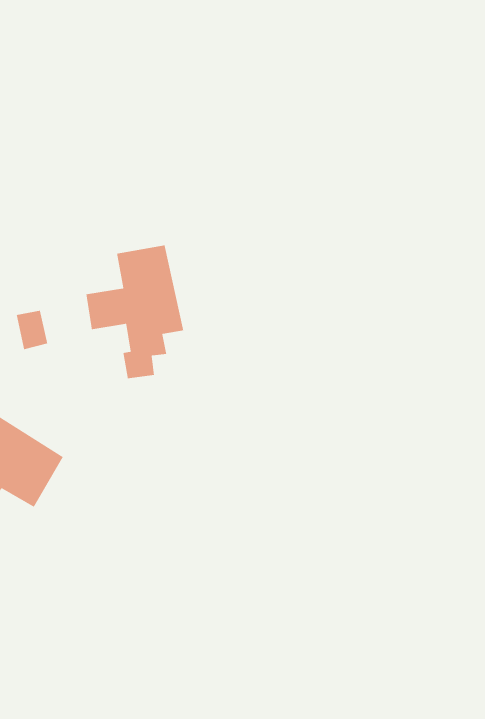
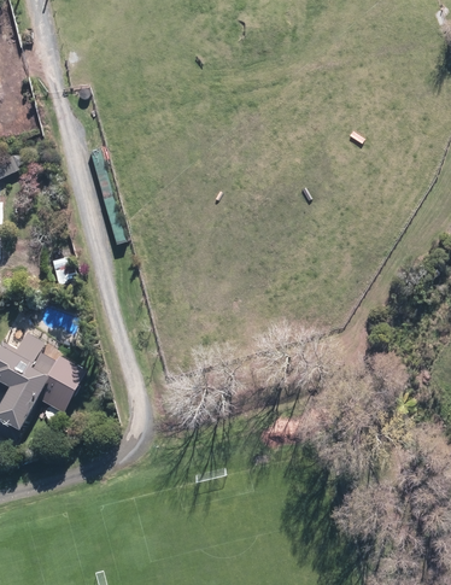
building: [85,245,184,379] -> none

